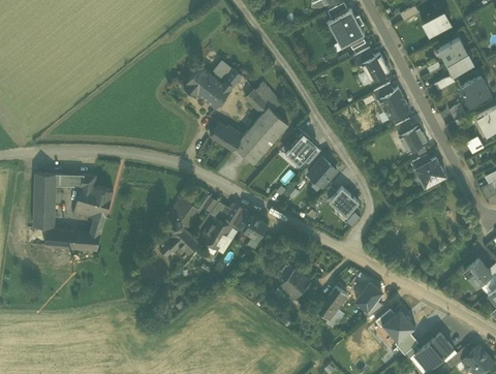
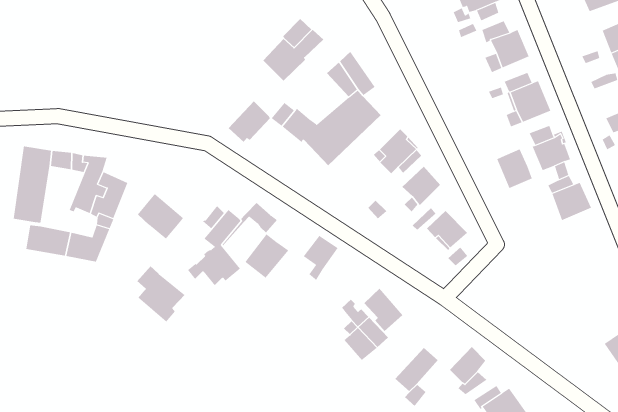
building: [183,65,213,96] -> [228,100,271,143]
building: none -> [497,149,533,189]
building: none -> [137,193,184,239]
building: [223,204,252,230] -> none
building: none -> [364,288,403,332]
building: none -> [136,266,185,322]

